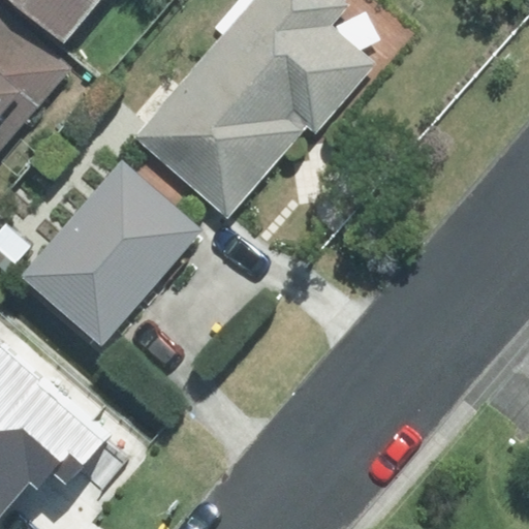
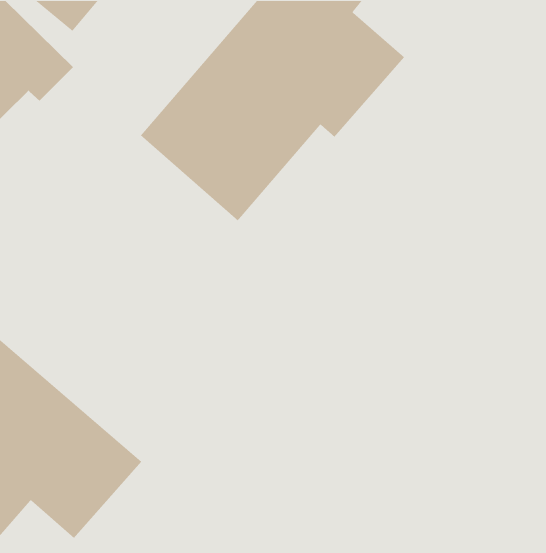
building: [21,160,203,346] -> none

